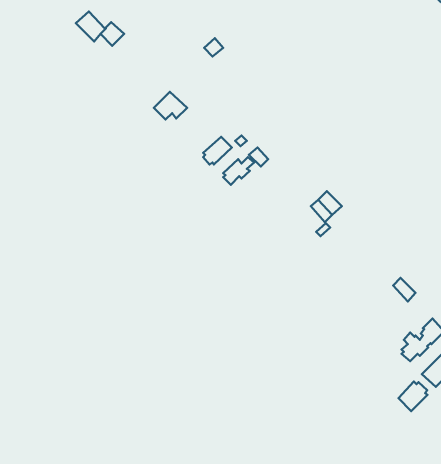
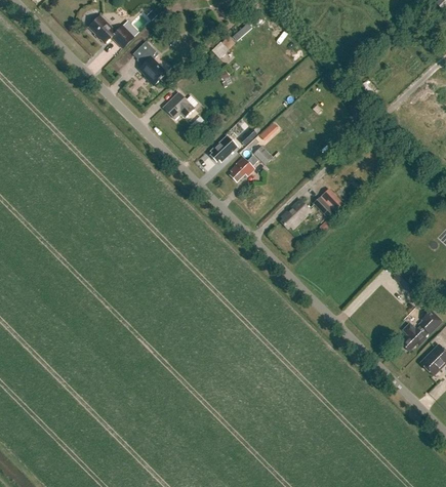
building: none -> [137,45,172,83]
building: none -> [281,198,313,228]
building: [399,381,428,411] -> none

